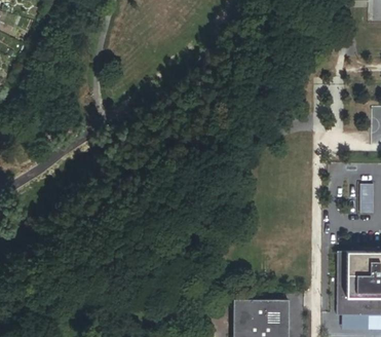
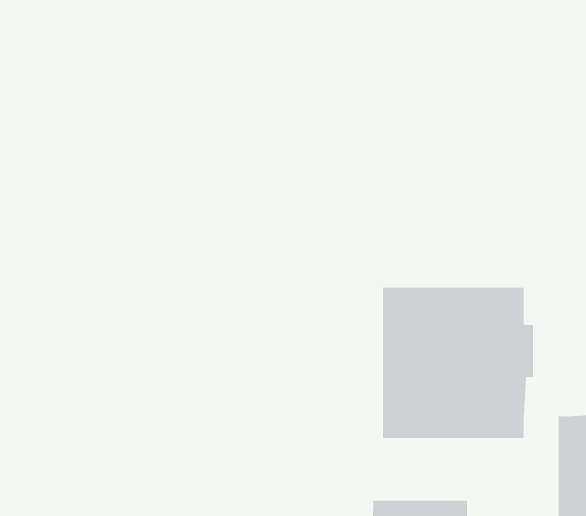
building: none -> [383,287,533,439]

